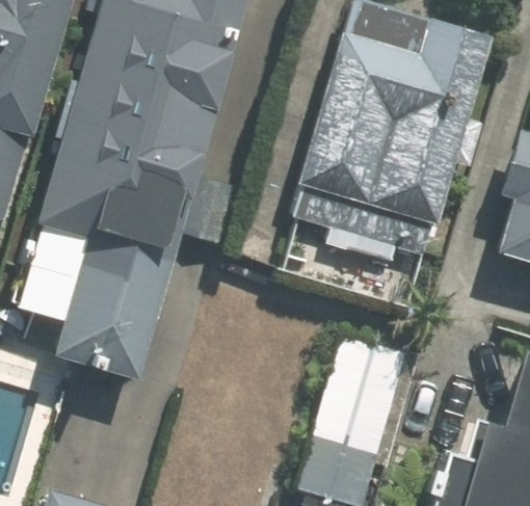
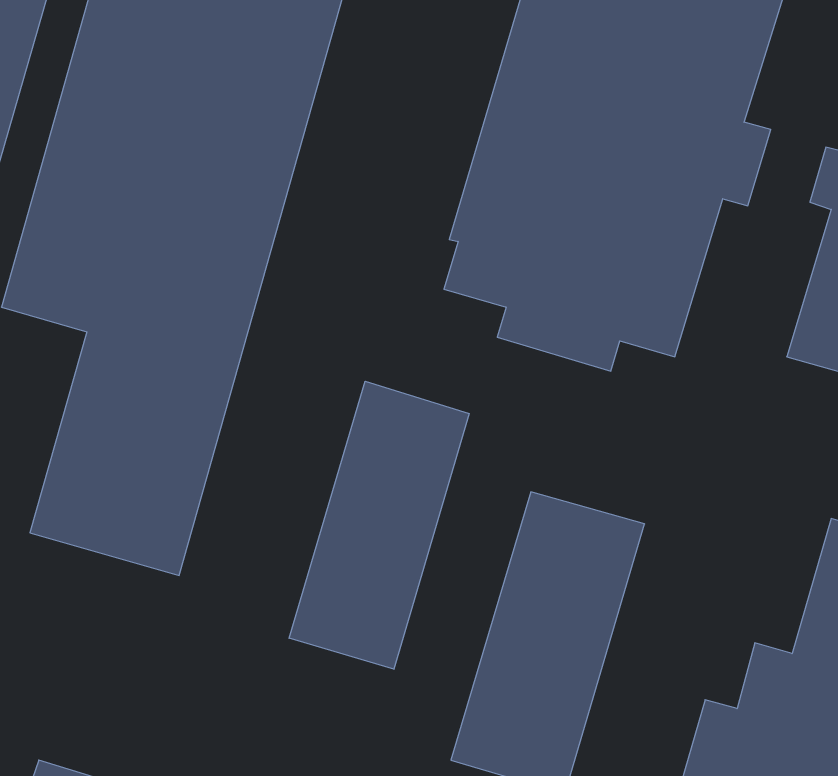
building: none -> [289,381,469,669]

